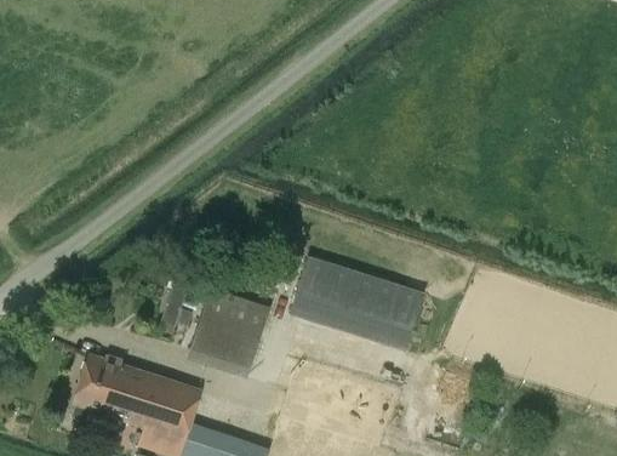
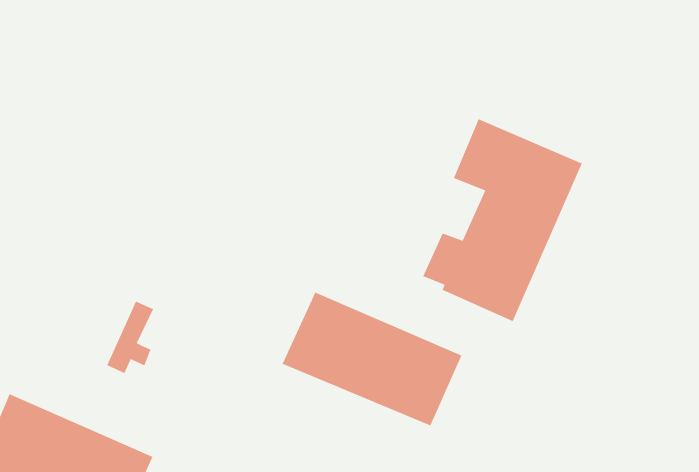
building: none -> [422,118,583,322]
building: [190,287,268,374] -> none

